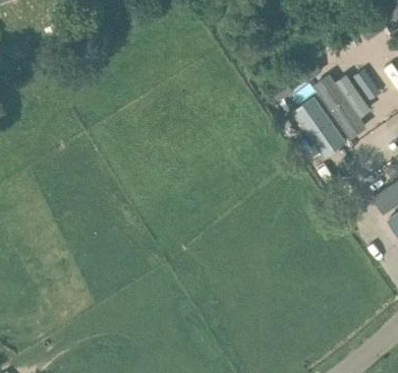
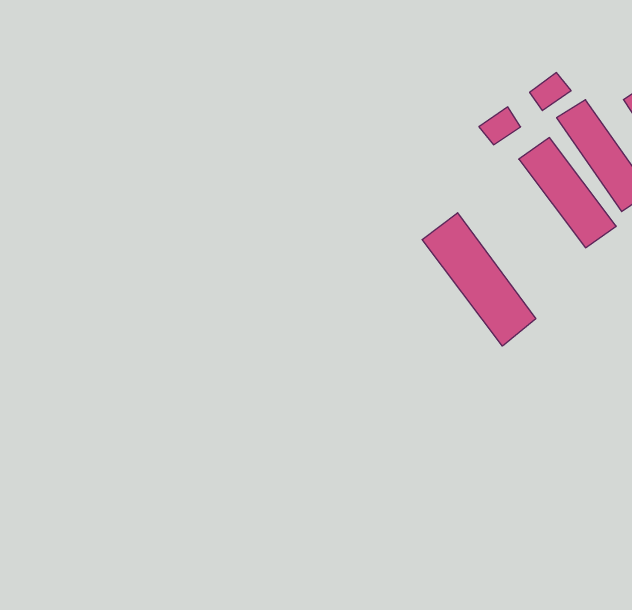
building: none -> [422,213,536,346]

